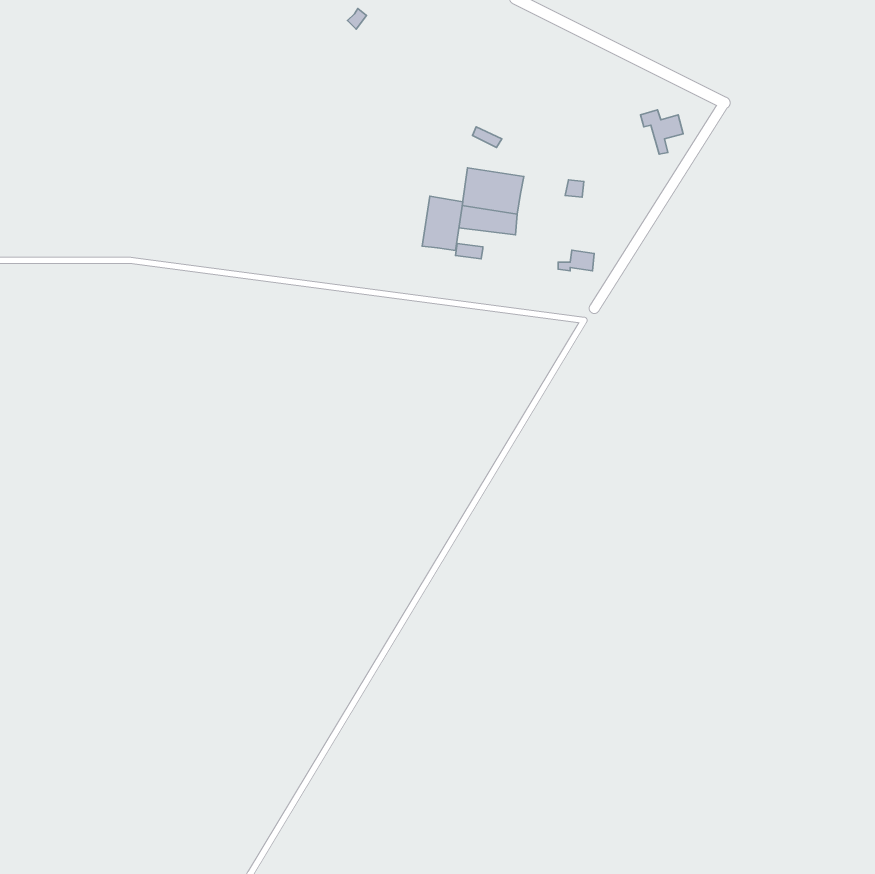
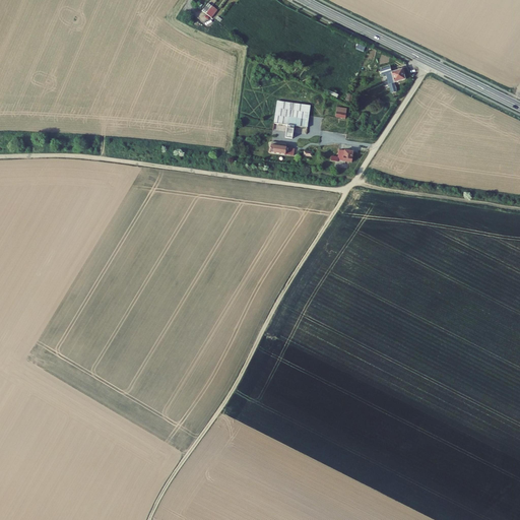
building: [422,196,463,250] -> none

